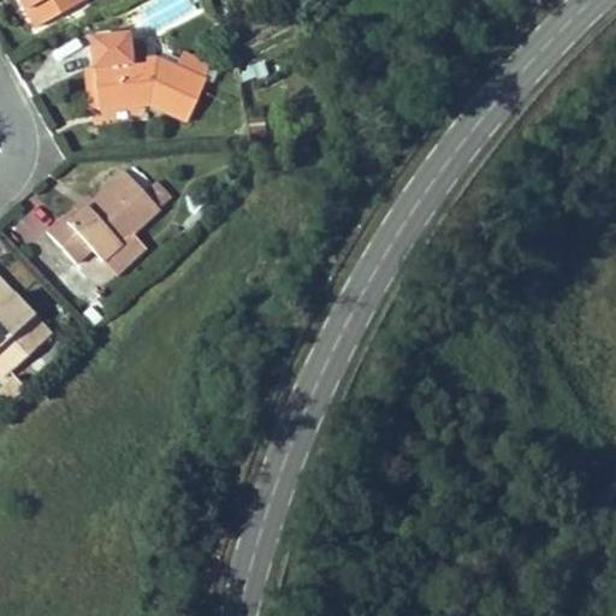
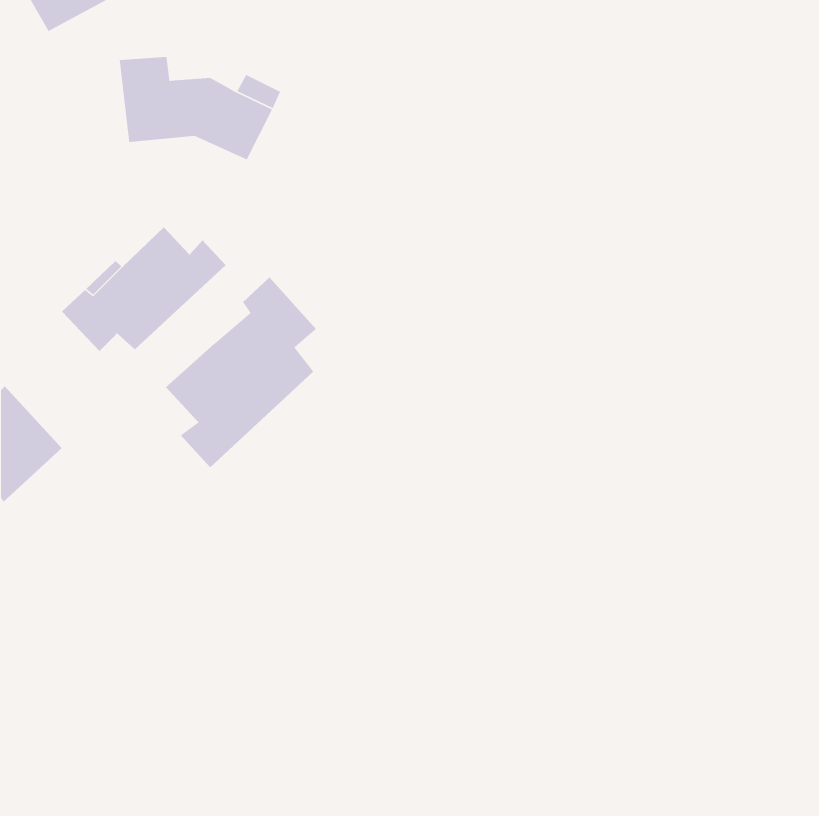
building: none -> [165,277,317,468]

